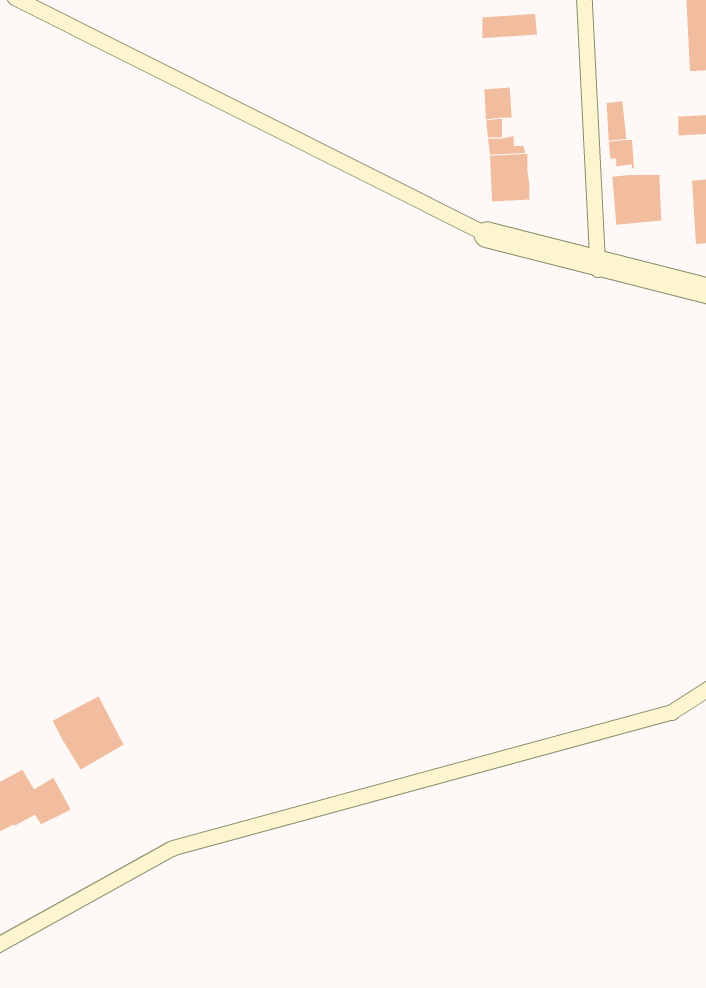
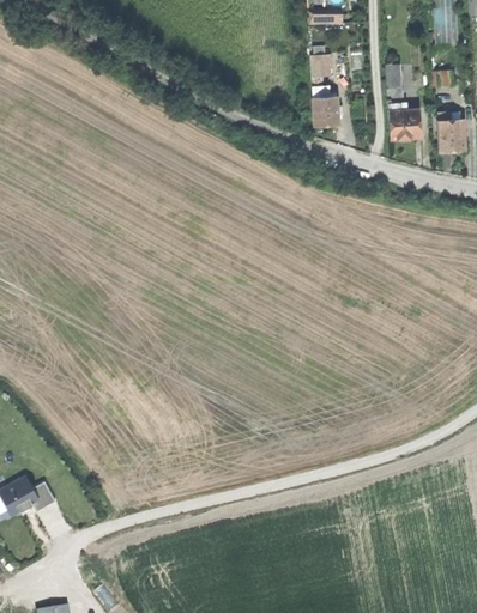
building: [52,696,125,770] -> none

